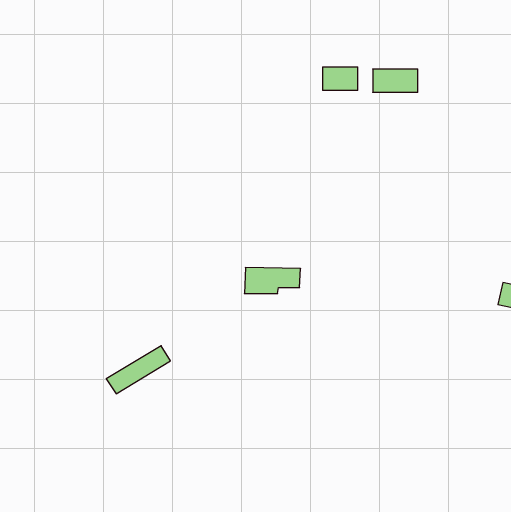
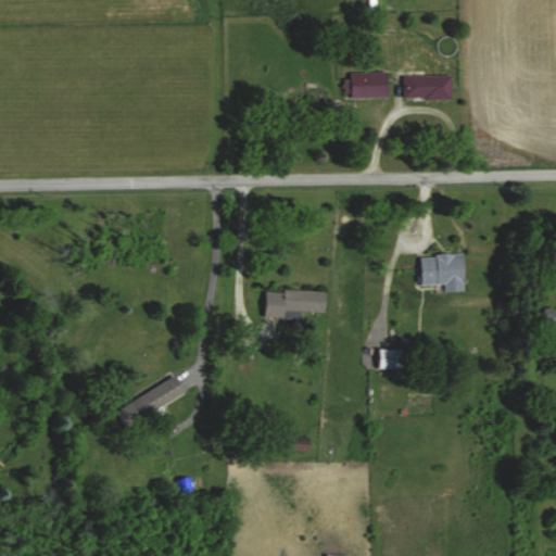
building: none -> [421,254,465,291]
building: none -> [379,350,404,369]

